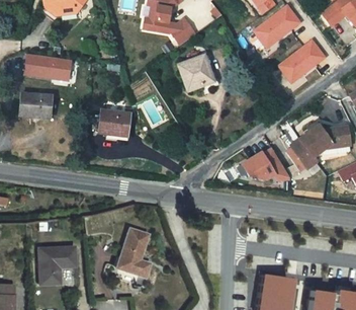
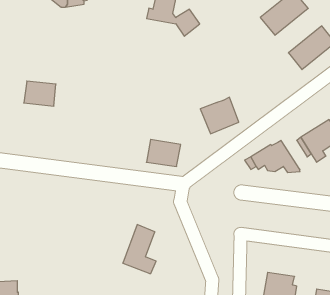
building: [29,49,78,76] -> none
building: [180,54,217,89] -> [200,97,239,134]
building: [101,107,135,134] -> [146,139,181,166]
building: [47,246,81,283] -> none

